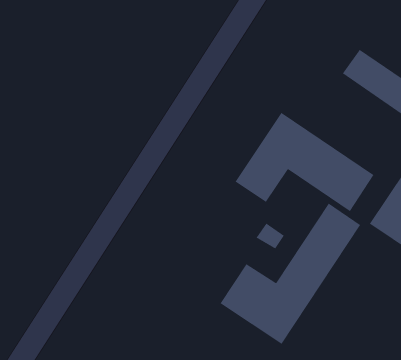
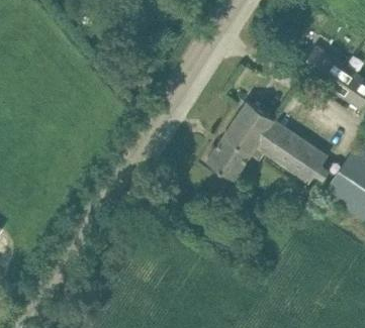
building: [219,202,361,345] -> none

